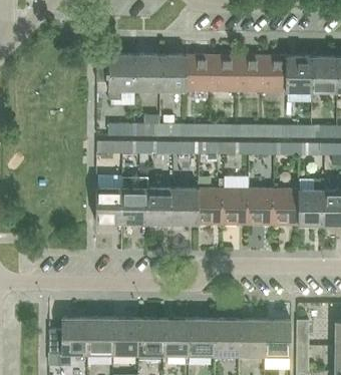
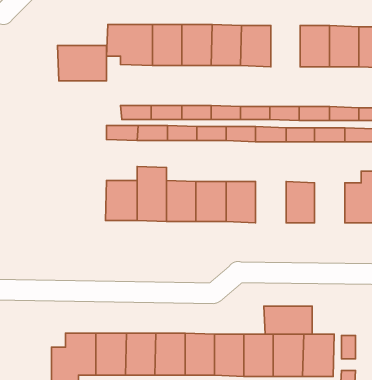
building: [237,56,262,91] -> none
building: none -> [57,45,107,81]
building: [224,190,250,225] -> none
building: [274,191,300,225] -> none
building: none -> [264,306,312,334]

